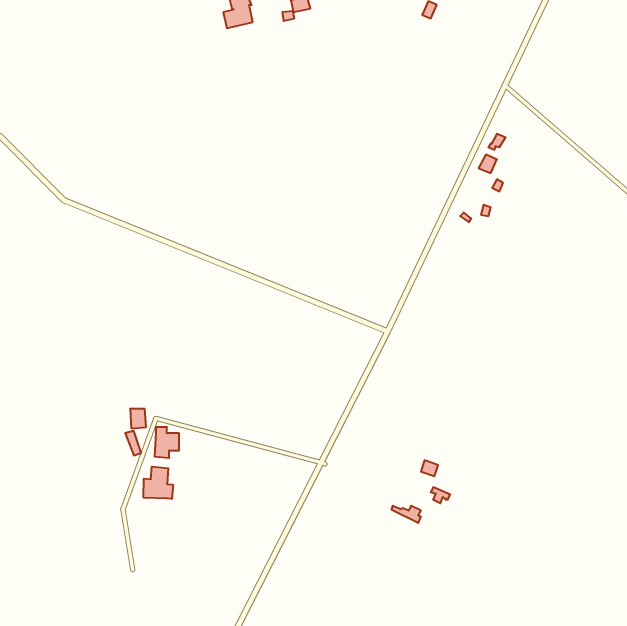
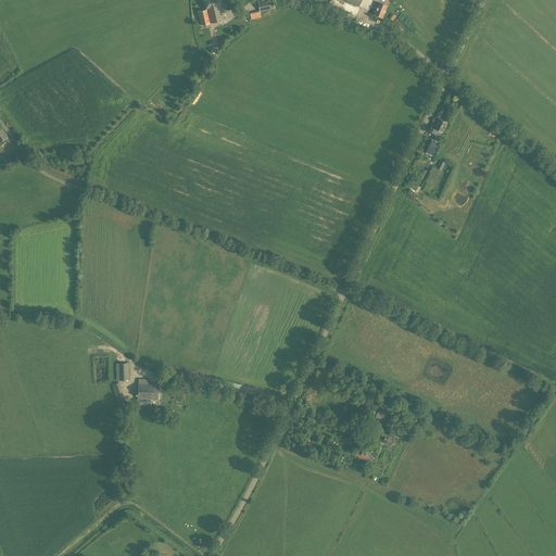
building: [144,467,173,499] -> none

